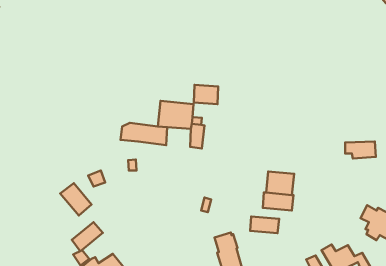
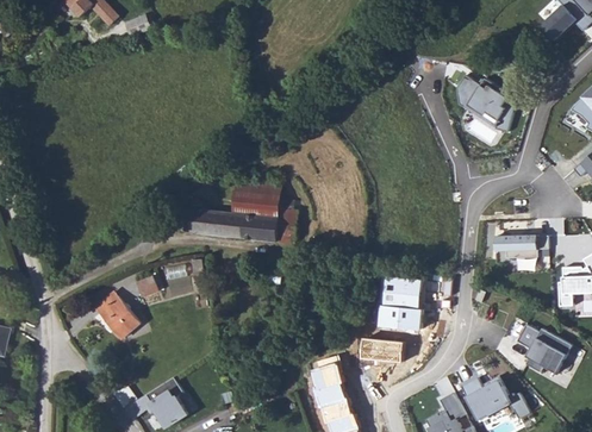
building: none -> [456,74,506,118]
building: [194,85,218,104] -> [243,214,278,242]
building: [72,222,103,251] -> none

